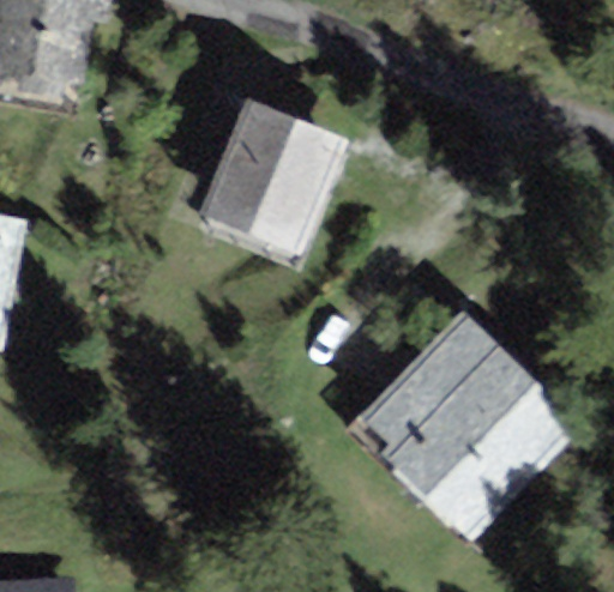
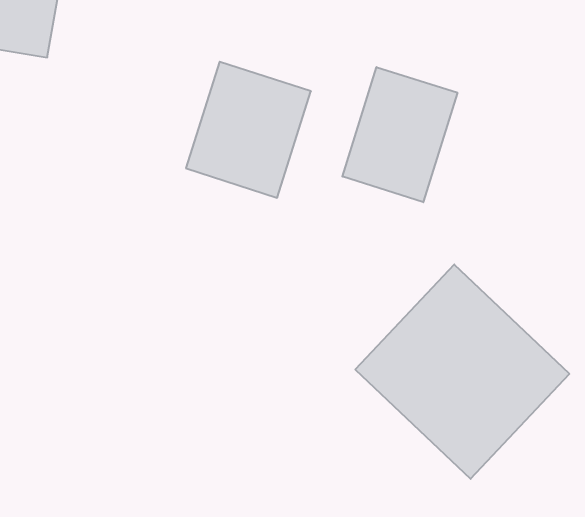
building: none -> [342,67,457,202]

